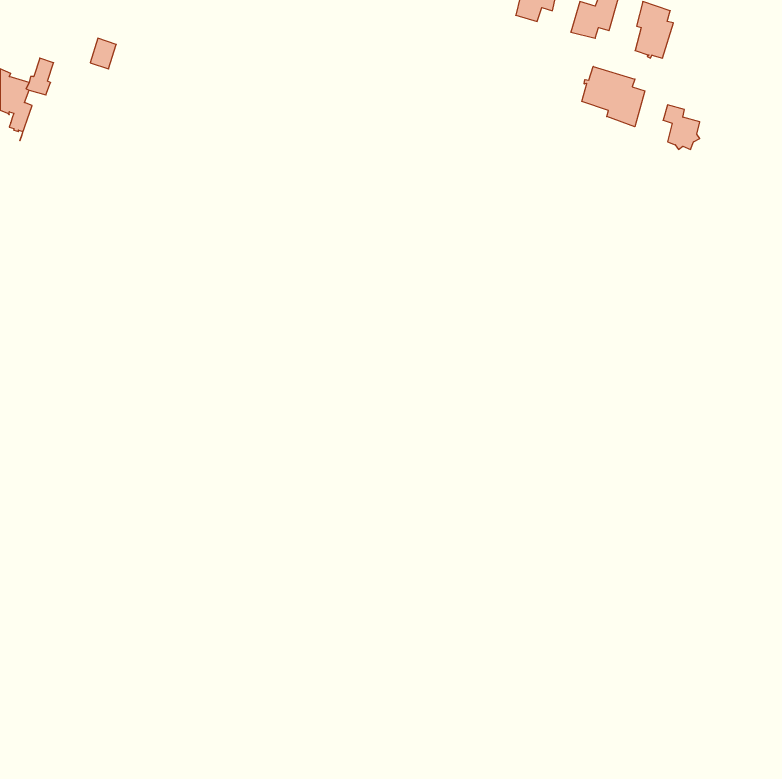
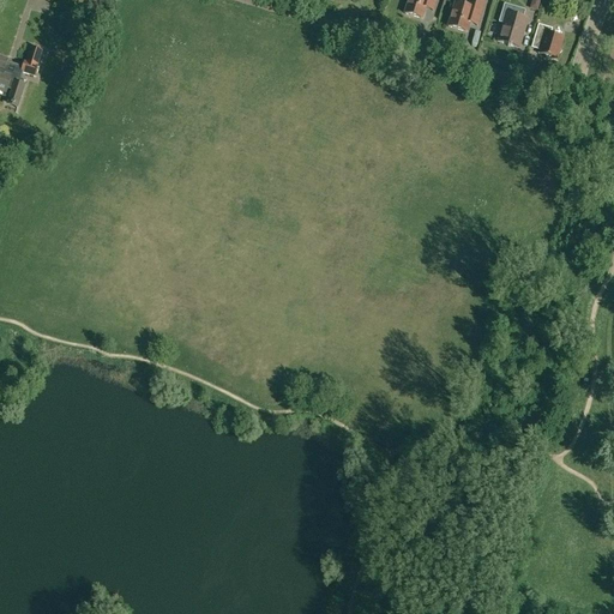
building: [582,66,645,127] -> none
building: [663,105,700,149] -> [535,23,564,58]

